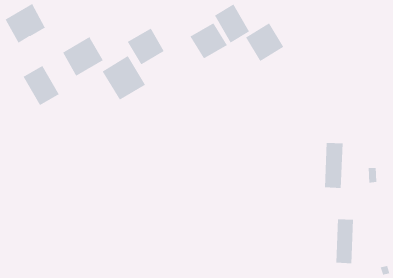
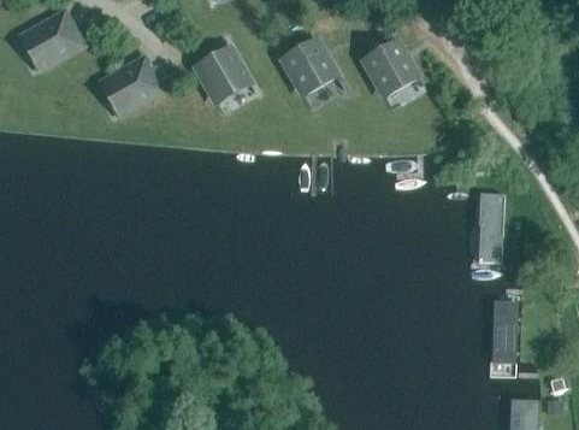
building: [214,4,250,43] -> none
building: [102,55,146,100] -> none
building: [23,65,59,106] -> none

